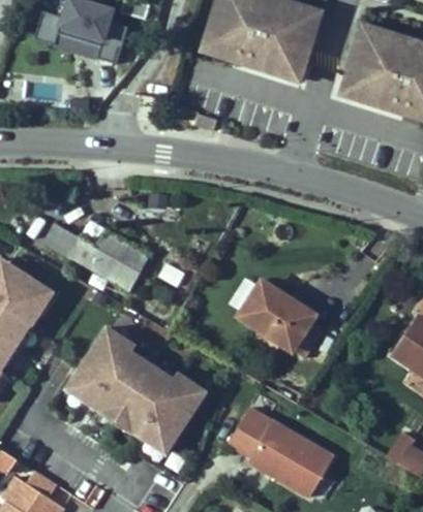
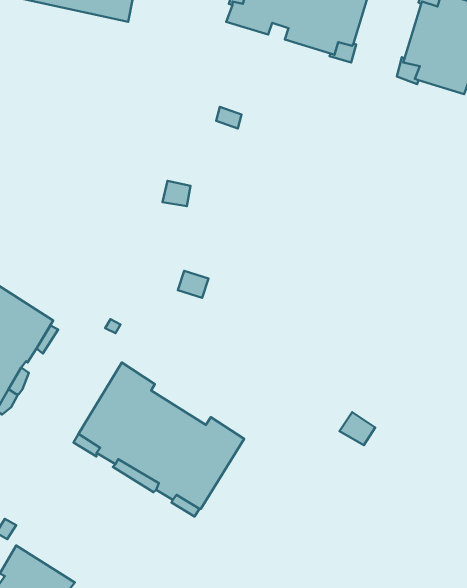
building: [46,225,150,291] -> none
building: [246,288,321,355] -> none
building: [233,408,338,497] -> none

